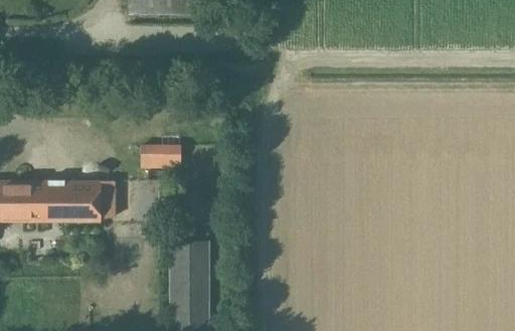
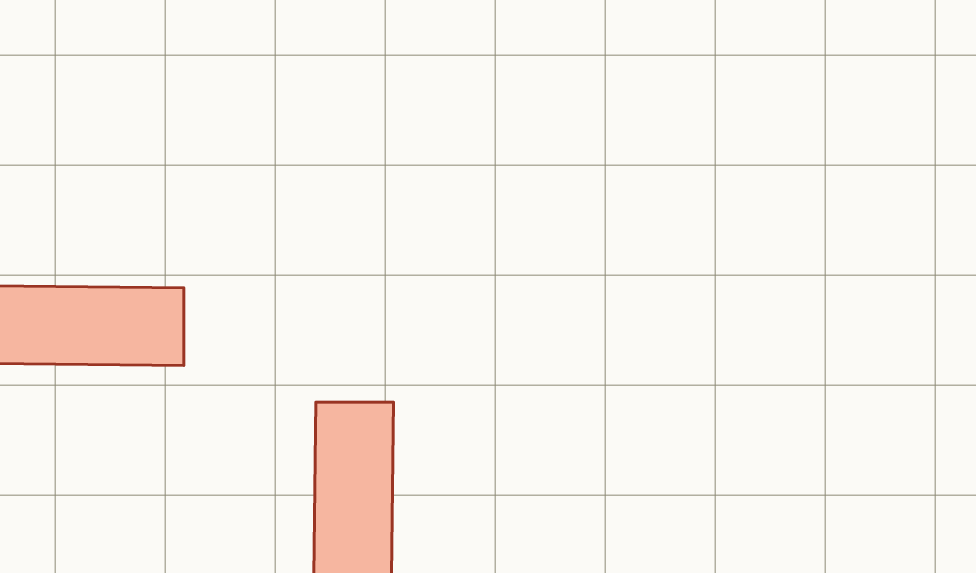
building: [141,145,183,169] -> none

